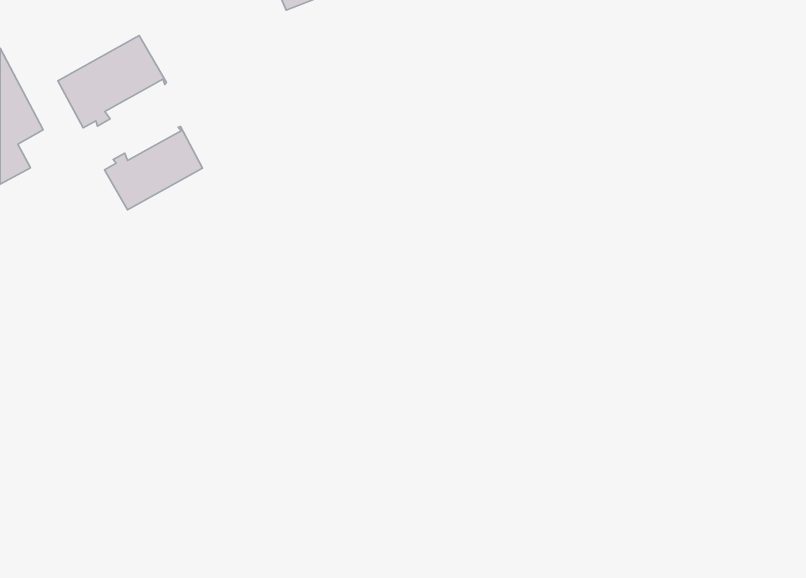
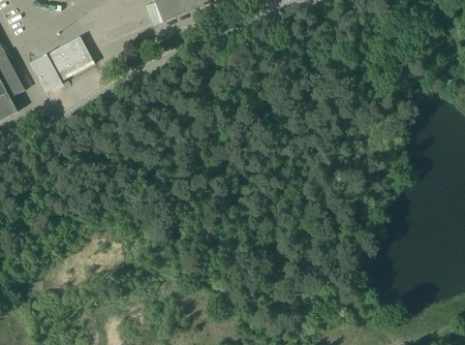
building: [104,127,203,210] -> none

